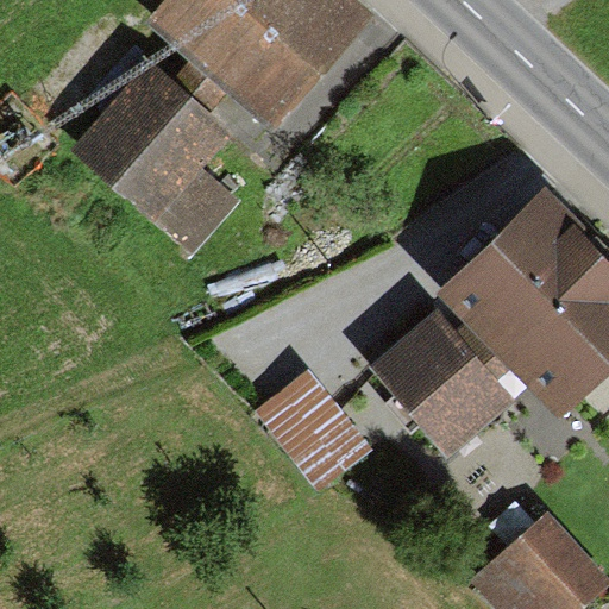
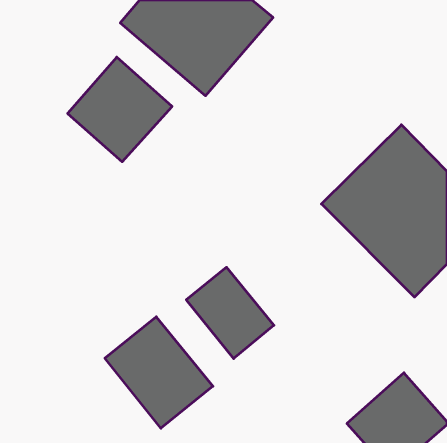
building: [370,307,514,452] -> none
building: none -> [105,317,213,428]

